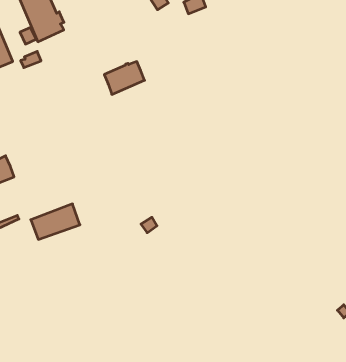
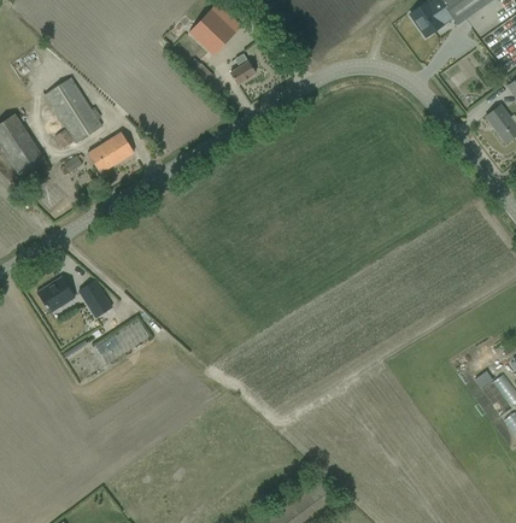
building: [104,62,145,94] -> [88,133,134,174]
building: none -> [80,280,112,317]

